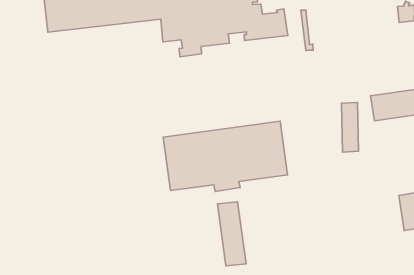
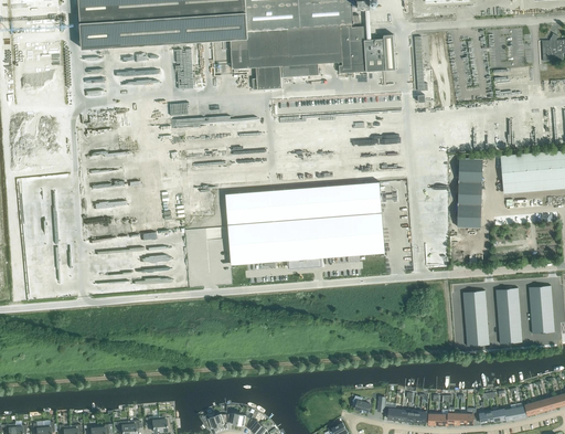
building: none -> [497,287,522,345]
building: none -> [463,292,490,347]
building: [218,202,246,266] -> none

